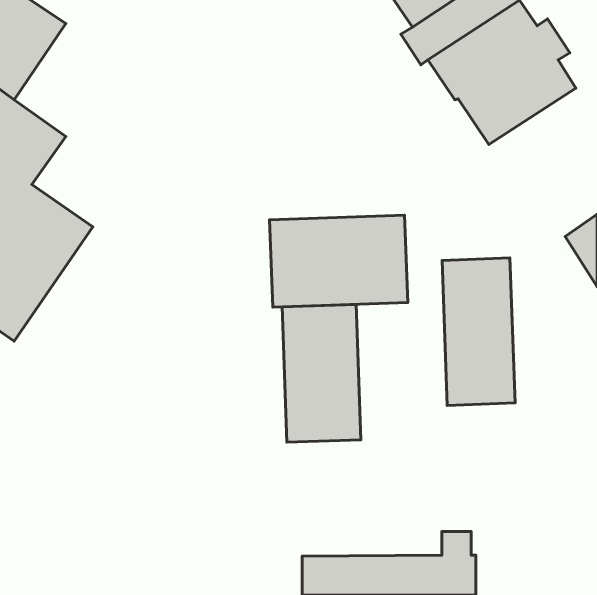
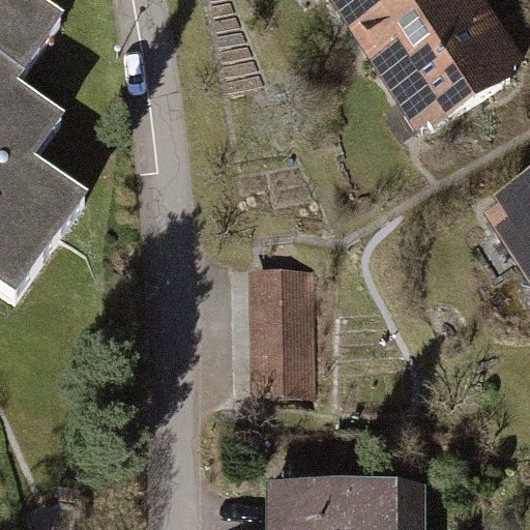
building: [270,215,408,307] -> none
building: [442,258,515,405] -> none

